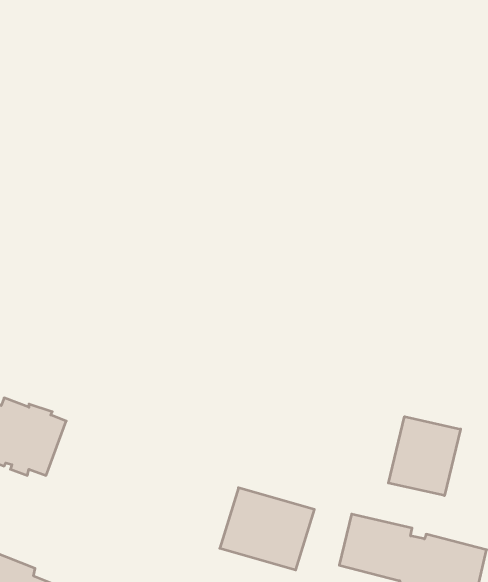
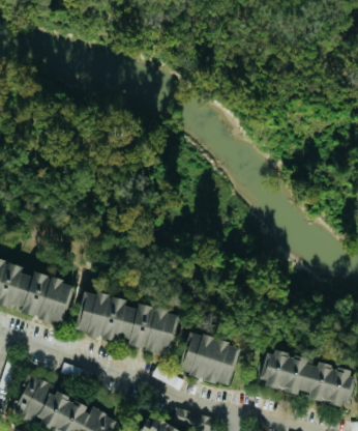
building: [388,417,461,496] -> none
building: none -> [77,293,179,355]

